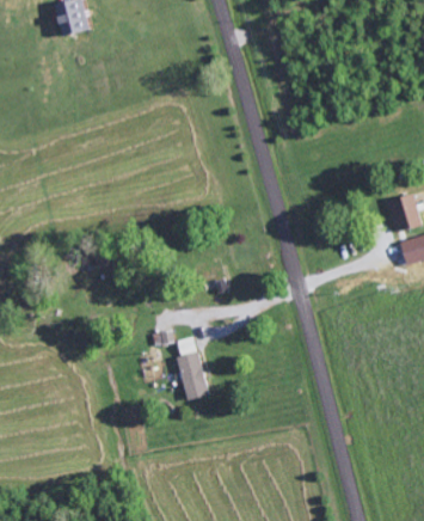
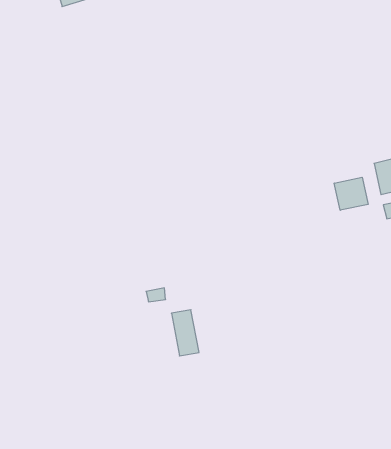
building: none -> [334,177,368,210]

